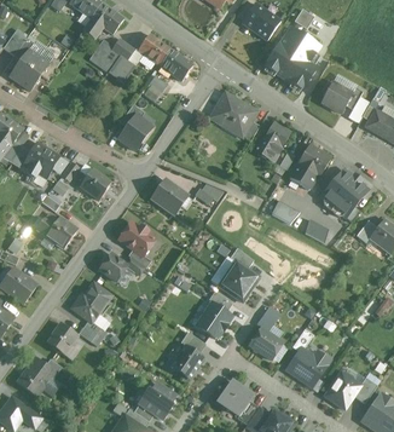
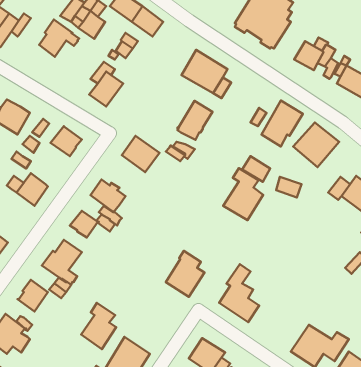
building: none -> [39,19,79,57]
building: [255,121,290,160] -> [177,101,213,140]
building: [218,250,257,303] -> [223,168,263,220]
building: [283,330,329,392] -> none
building: [169,333,204,379] -> [81,303,116,349]

